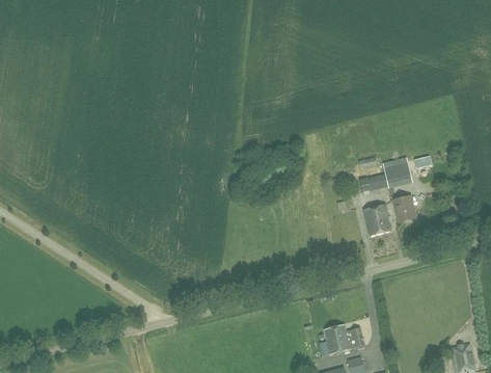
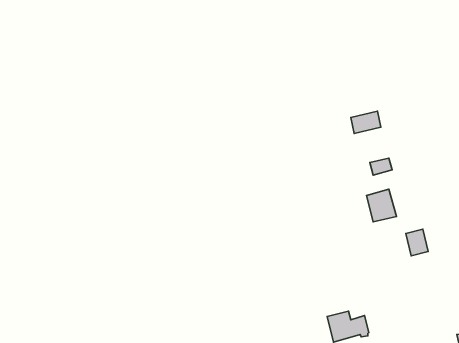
building: [385,163,414,185] -> [351,111,381,134]
building: [392,195,414,221] -> [406,229,428,256]

